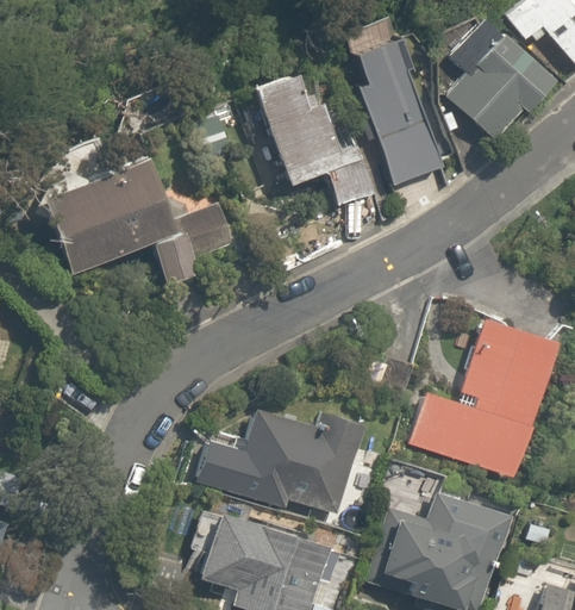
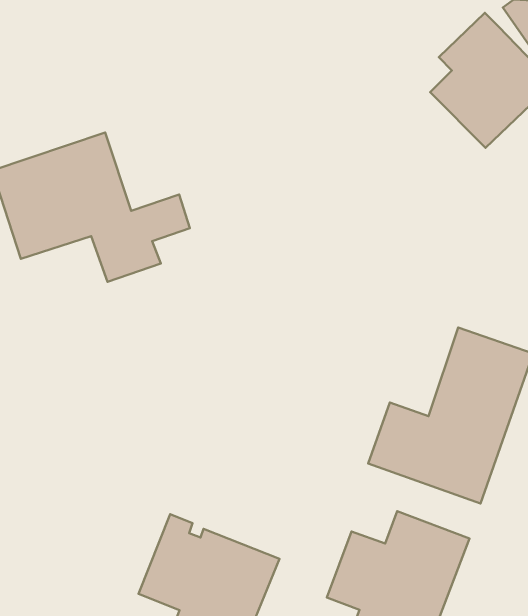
building: [350,31,443,182] -> none
building: [257,71,373,204] -> none
building: [217,405,368,518] -> none

